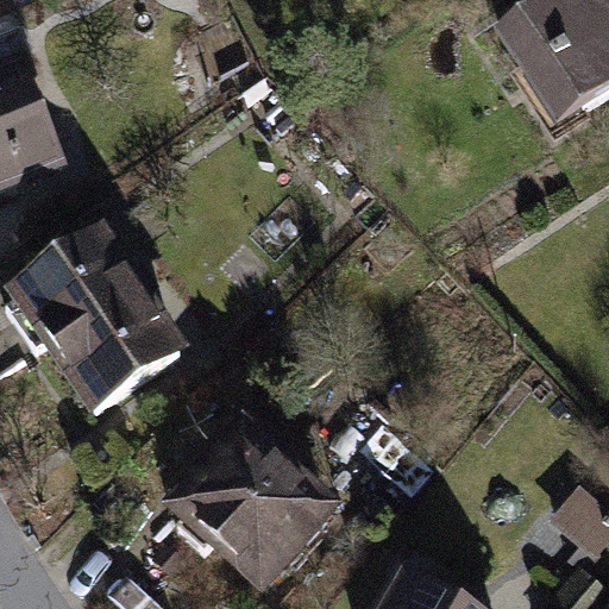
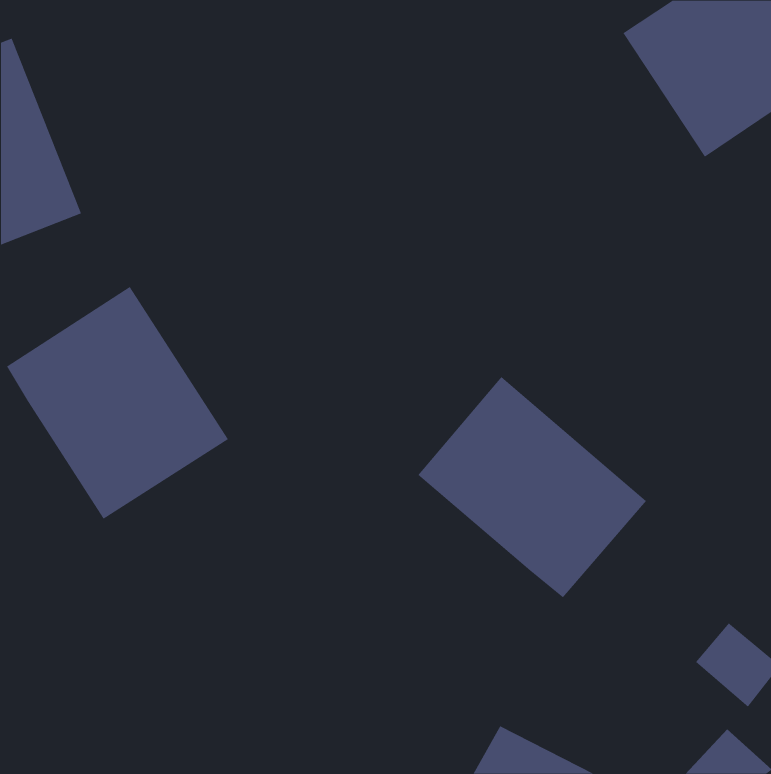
building: none -> [417,376,647,598]
building: [168,413,346,591] -> none

